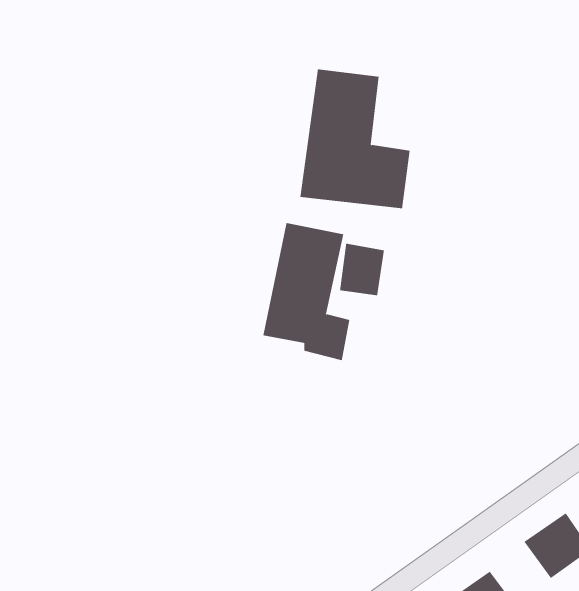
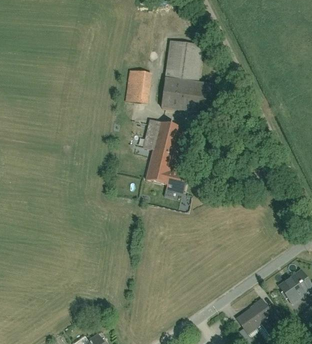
building: none -> [125,69,149,103]
building: [339,243,384,296] -> none

